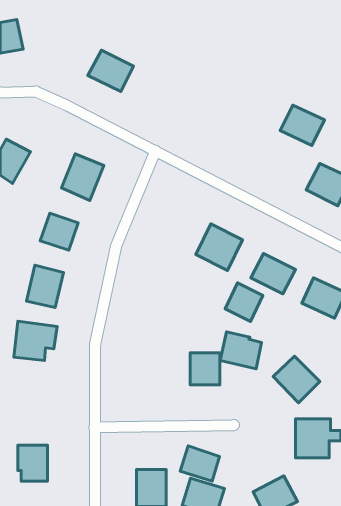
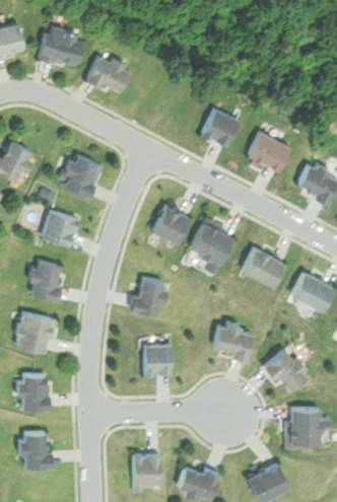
building: none -> [41,26,82,65]
building: [280,105,325,145] -> [248,133,290,171]
building: none -> [201,109,239,147]
building: none -> [151,205,189,242]
building: [225,283,263,321] -> none
building: none -> [134,279,163,314]
building: [190,353,220,385] -> [143,345,172,375]
building: none -> [18,373,47,409]
building: [180,446,220,481] -> none

